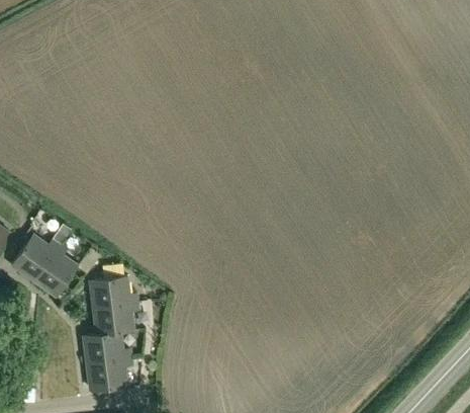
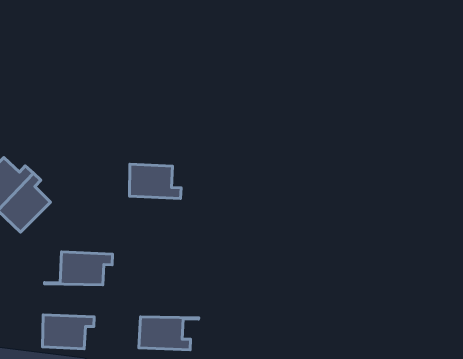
building: [90,276,137,308] -> [129,164,181,199]
building: [84,330,133,363] -> [139,317,199,350]

